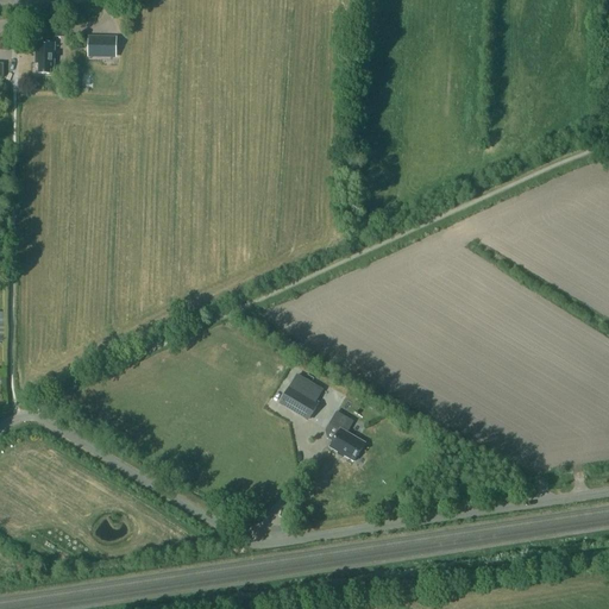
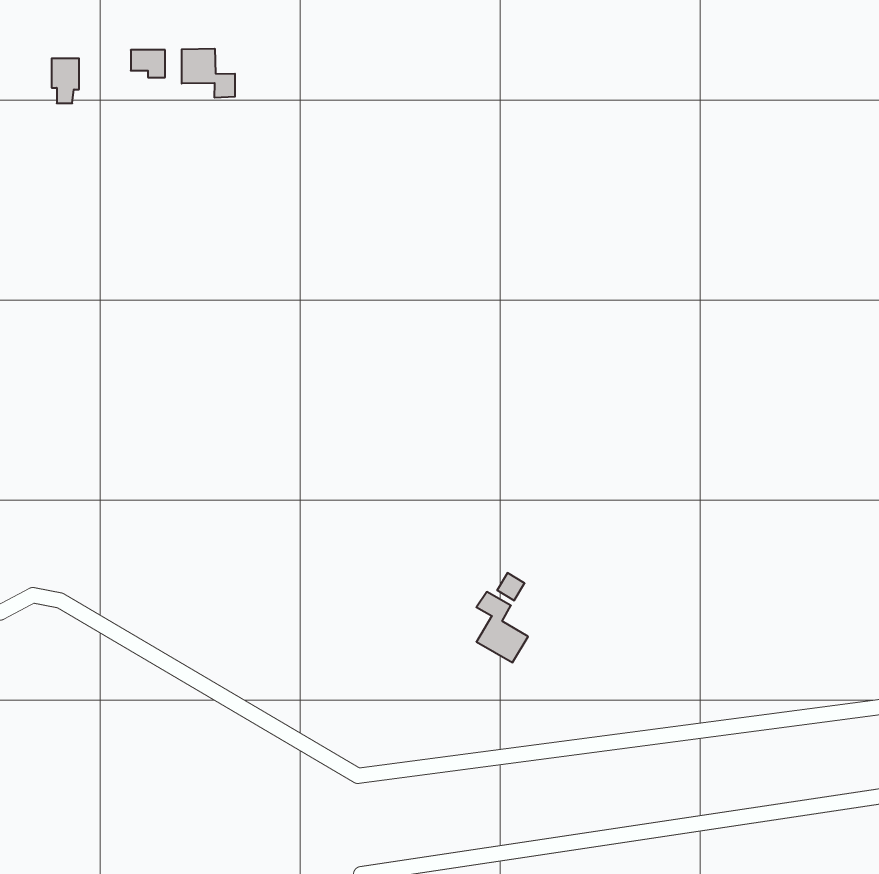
building: none -> [182,49,235,98]
building: [280,383,320,419] -> none

